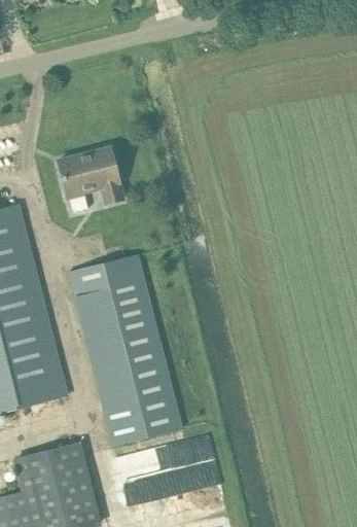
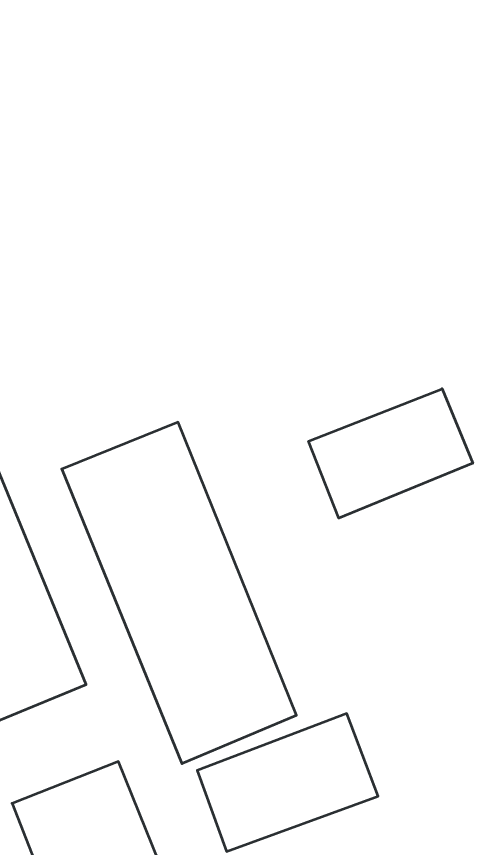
building: [56,148,121,213] -> none
building: none -> [309,389,473,518]

